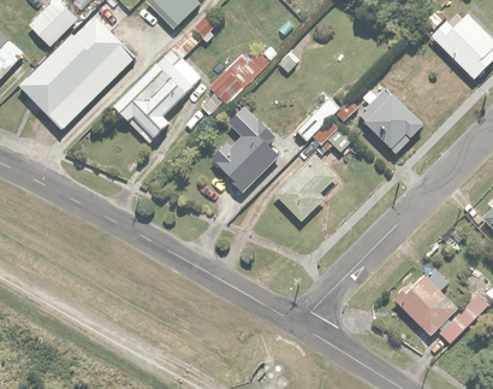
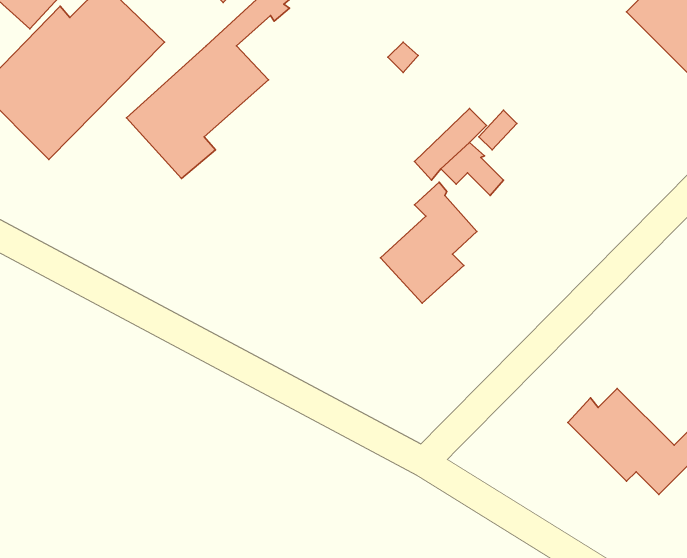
building: [200,52,268,118] -> none
building: [358,89,422,148] -> none
building: [209,107,275,193] -> none

